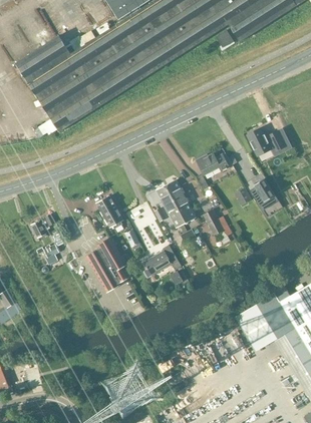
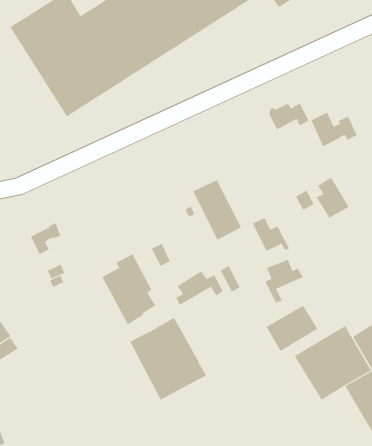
building: [197,153,229,174] -> [268,103,309,130]
building: [96,194,123,228] -> none
building: none -> [265,259,303,303]
building: none -> [266,305,318,352]
building: none -> [130,317,207,400]

